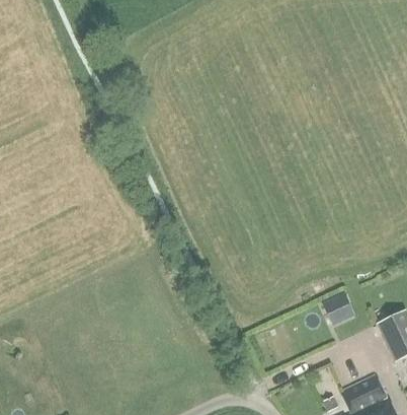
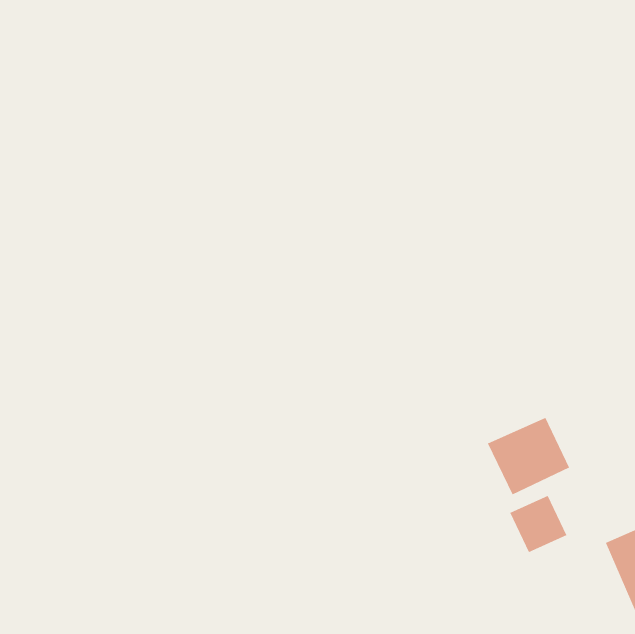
building: none -> [487,417,570,495]

